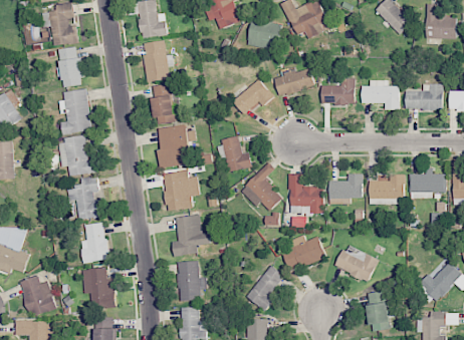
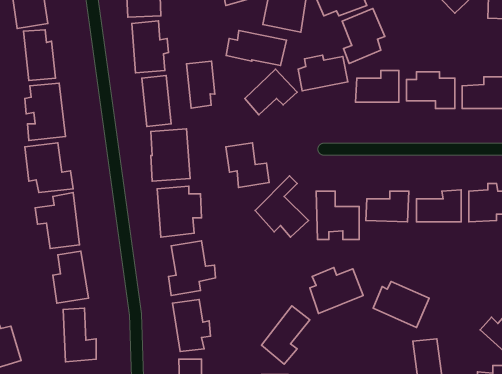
building: none -> [342,8,385,63]
building: none -> [226,31,286,66]
building: none -> [187,61,215,108]

